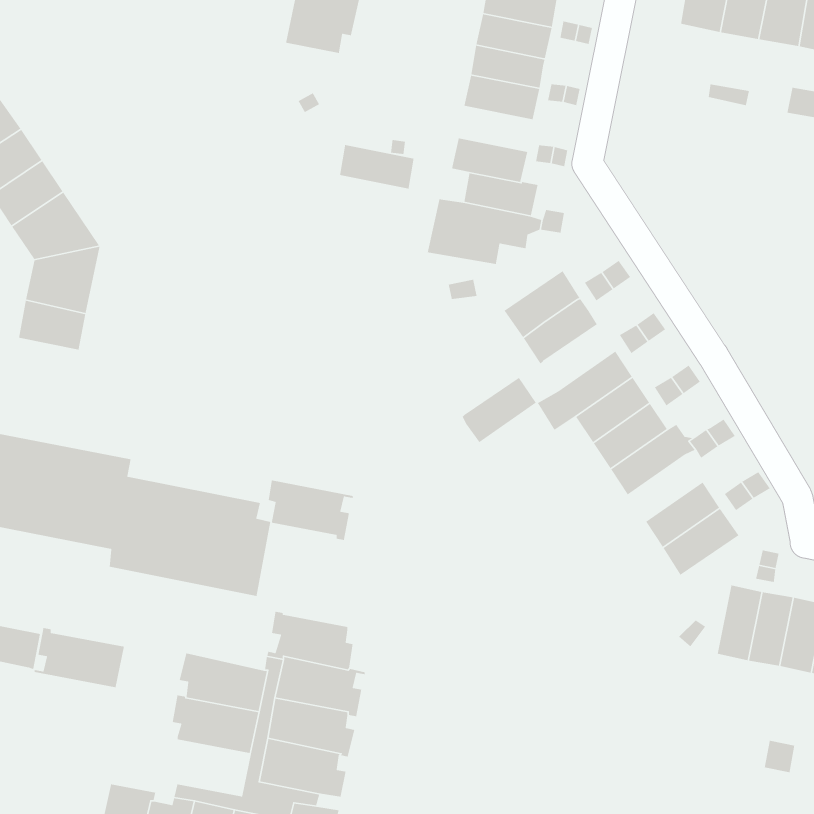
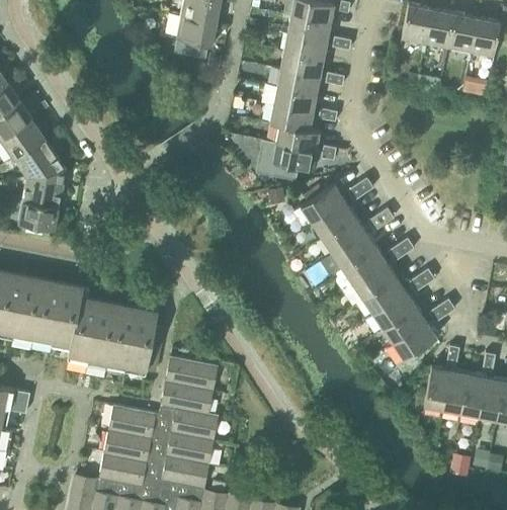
building: [339,144,414,190] -> [273,87,317,113]
building: [462,377,537,443] -> [321,214,364,252]
building: none -> [371,289,415,328]
building: [268,480,353,541] -> [170,356,220,392]
building: [34,627,125,688] -> [100,451,153,487]

